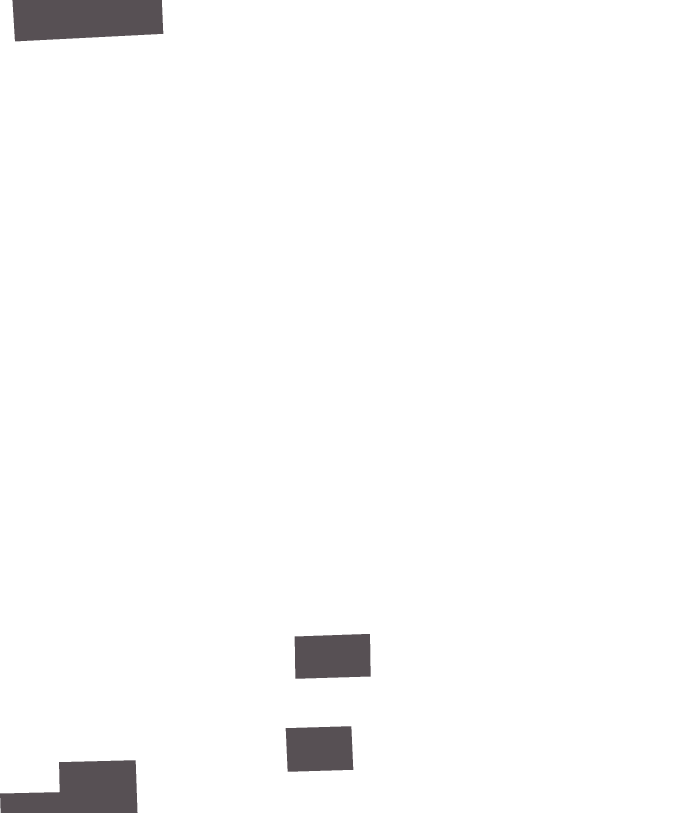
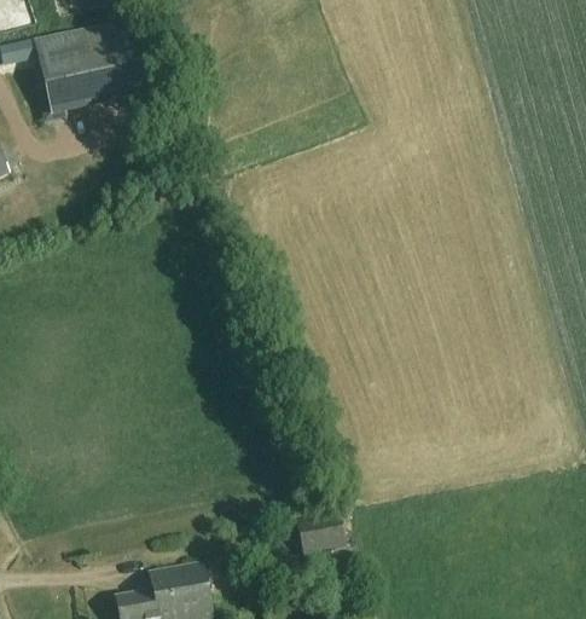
building: [294,633,372,680] -> none

